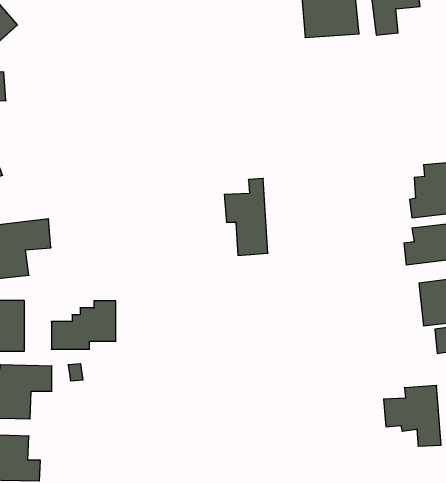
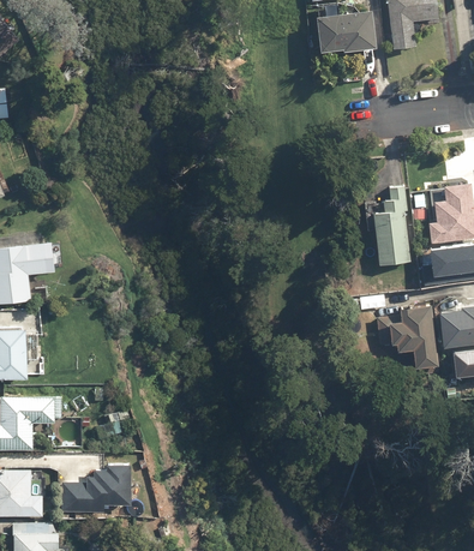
building: [224,178,268,255] -> [364,185,409,265]
building: [51,301,116,349] -> [62,461,130,511]
building: [384,385,441,446] -> [377,303,437,366]

